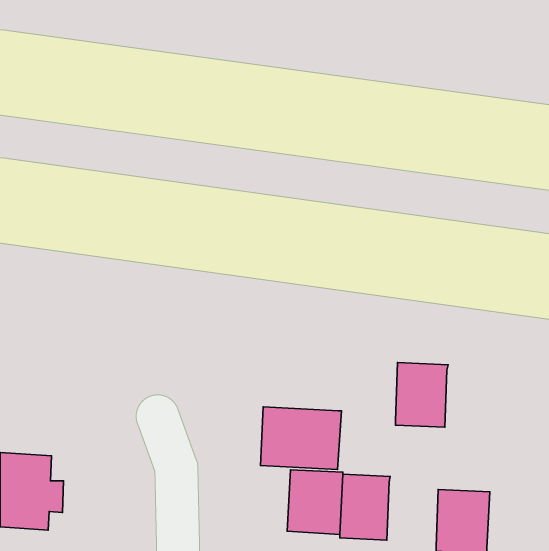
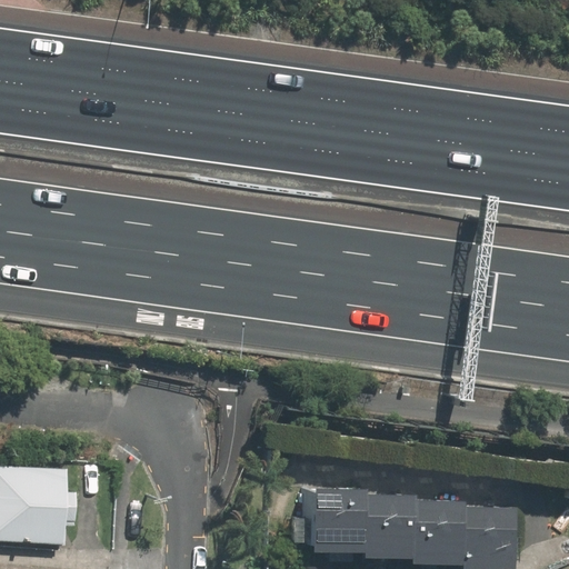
building: [395,363,448,427] -> [403,498,457,563]
building: [261,407,341,469] -> none

